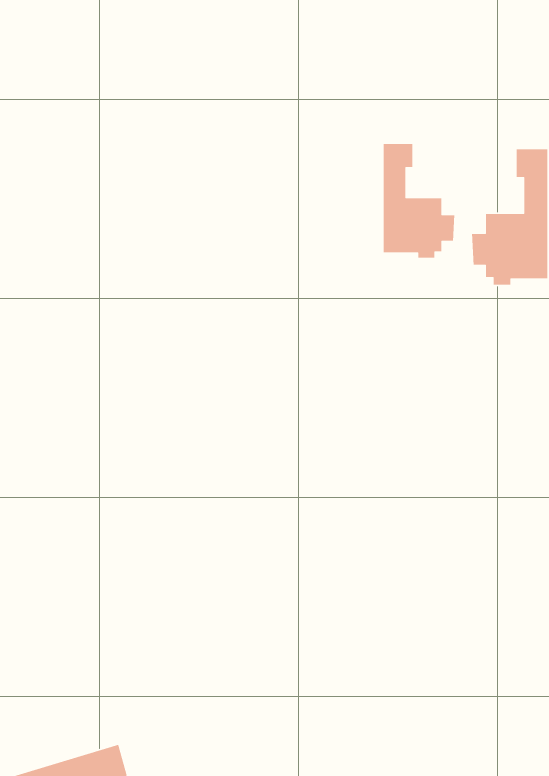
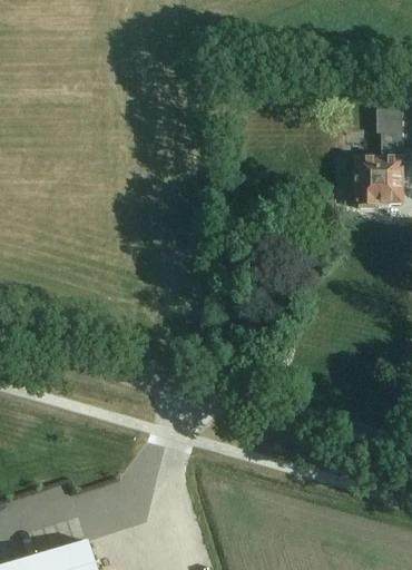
building: [383,143,455,258] -> none

